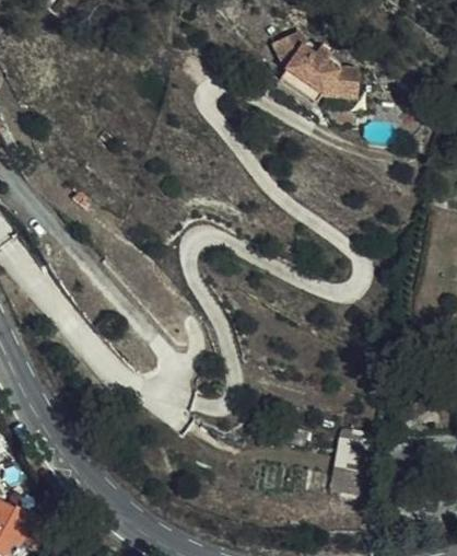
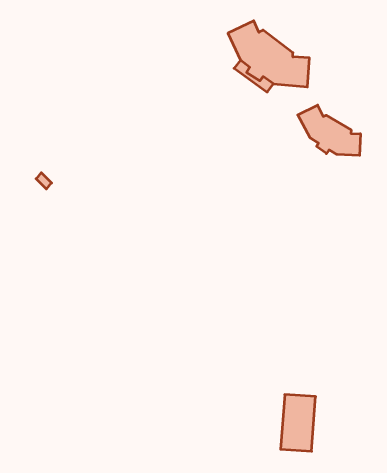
building: none -> [298,105,360,155]

